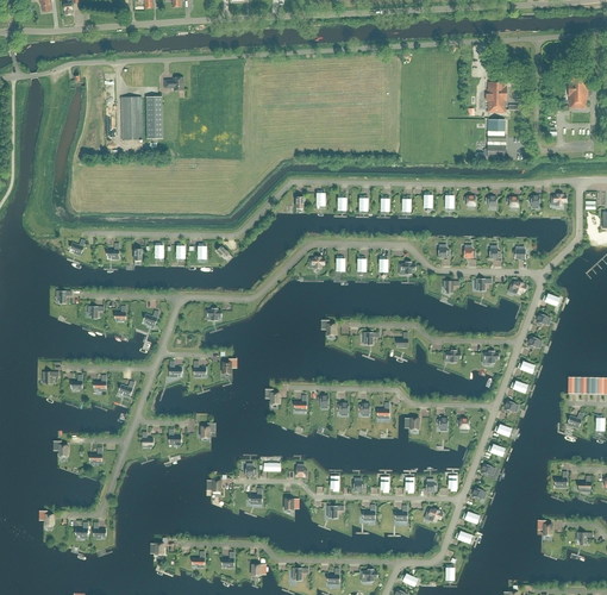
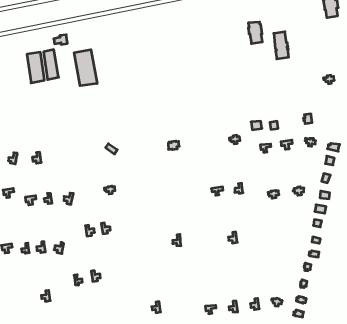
building: [486,82,505,113] -> [248,22,262,44]
building: none -> [74,50,97,86]

